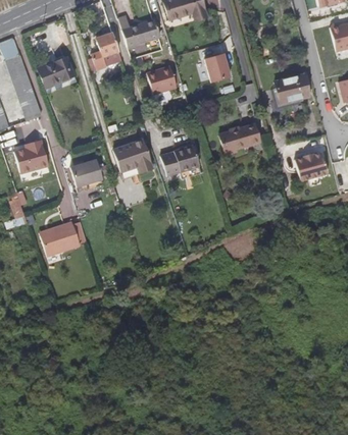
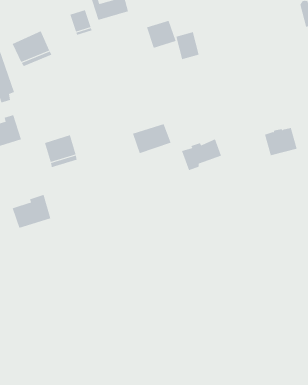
building: [146,64,177,93] -> [146,20,176,48]
building: [274,75,308,105] -> none
building: [216,123,257,156] -> [181,139,222,171]
building: [114,140,152,178] -> none

